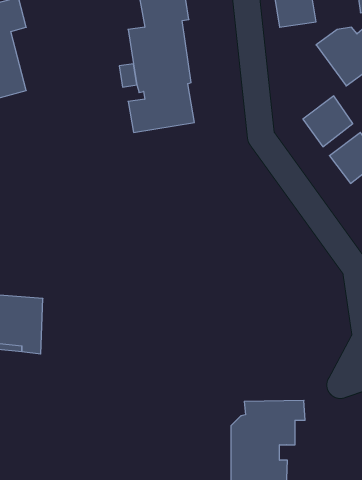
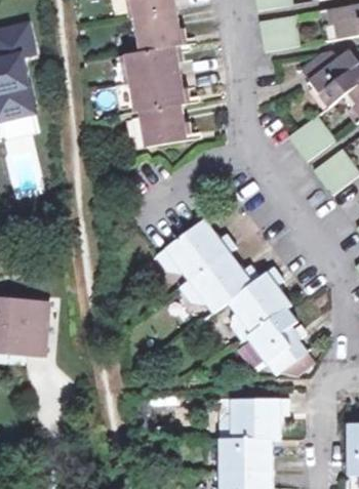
building: none -> [155,220,304,373]

